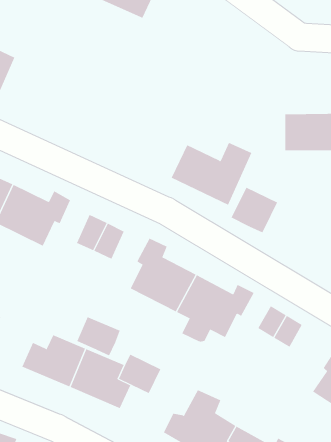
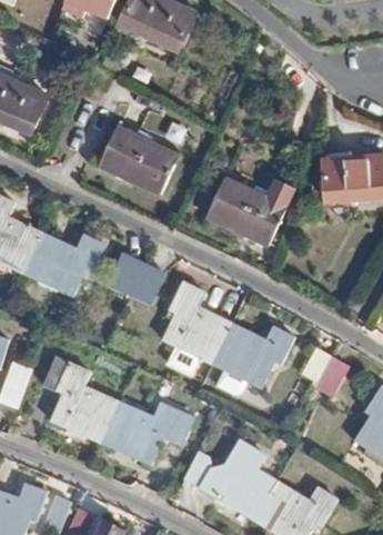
building: none -> [101,133,178,198]
building: [231,187,278,233] -> none
building: [76,316,120,356] -> [43,356,89,397]

